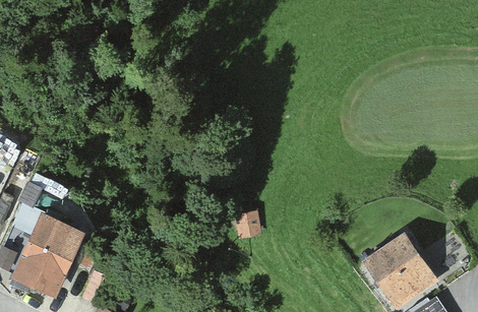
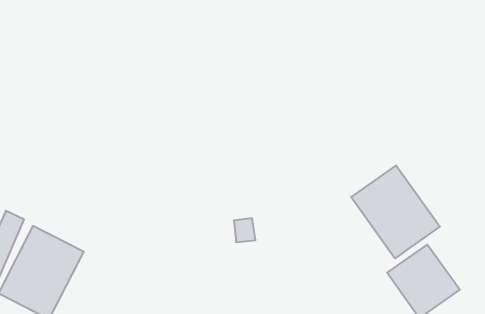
building: none -> [351,165,440,258]

